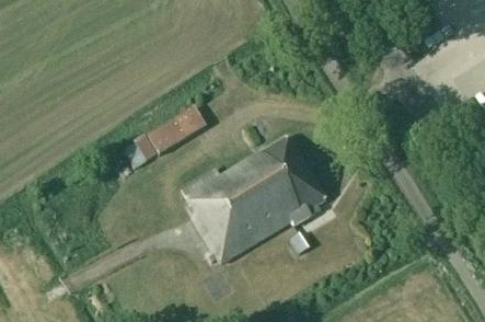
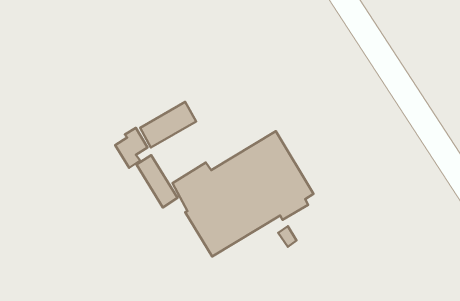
building: none -> [136,155,178,207]

